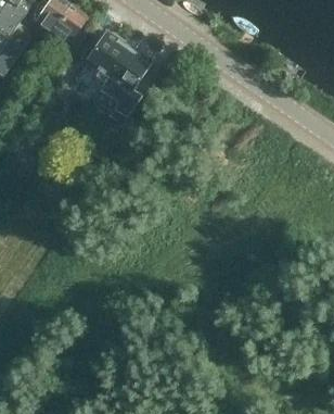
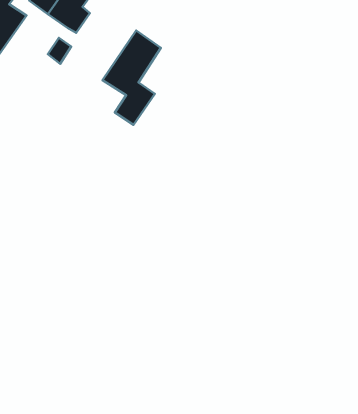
building: [84,29,131,96] -> none

